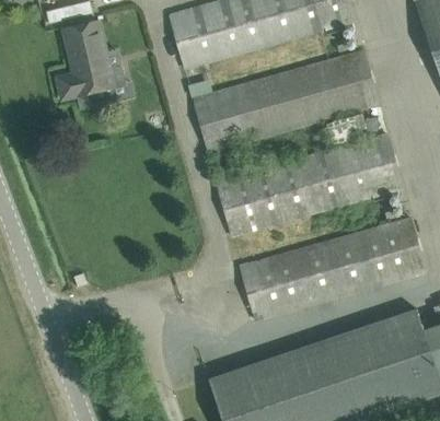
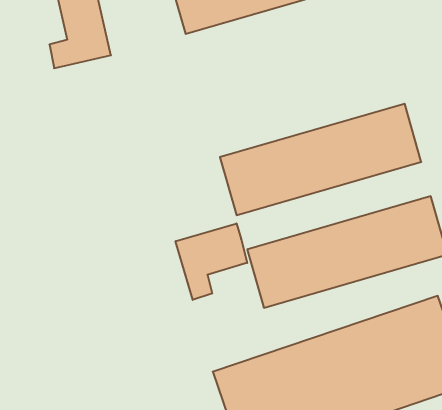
building: [193,49,378,152] -> none
building: none -> [176,223,247,300]

